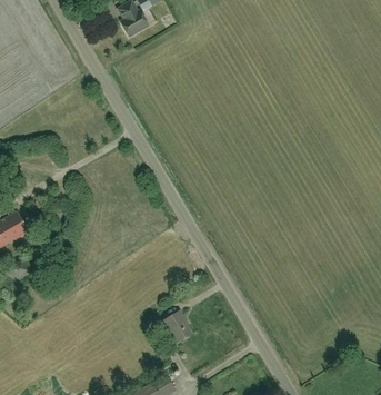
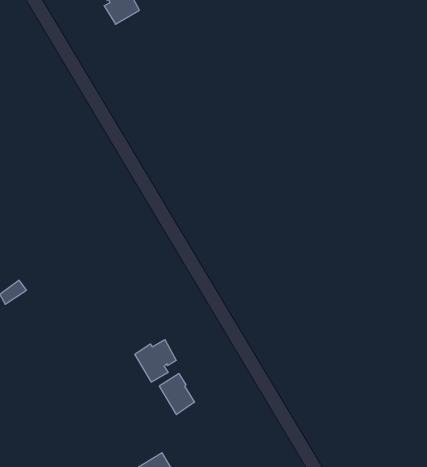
building: none -> [135,340,176,382]

